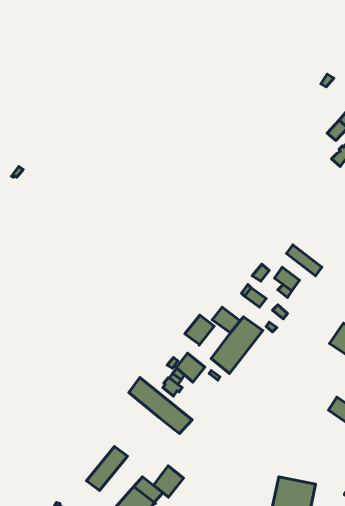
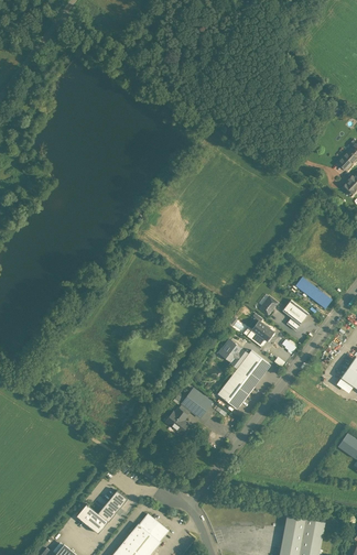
building: [185,315,214,345] -> none
building: [129,377,192,434] -> none
building: [153,466,183,497] -> none

